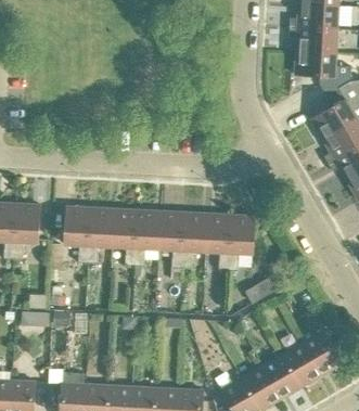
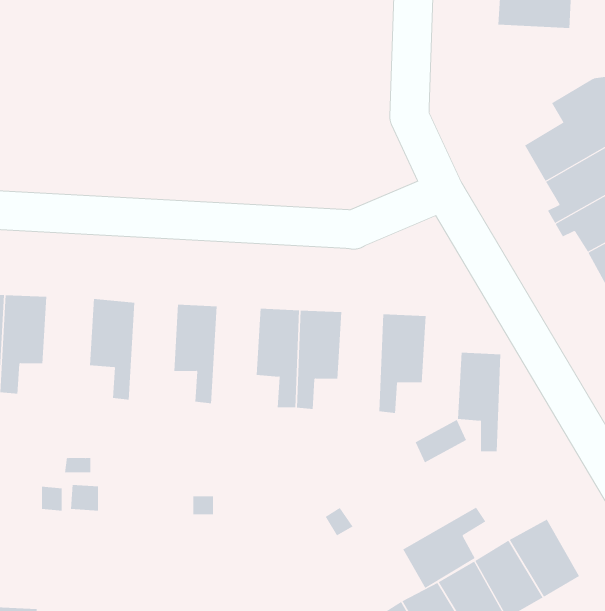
building: [294,50,349,94] -> none
building: [87,207,114,262] -> none
building: [133,209,161,265] -> none
building: [205,213,230,269] -> [457,352,501,452]
building: none -> [402,507,486,589]

